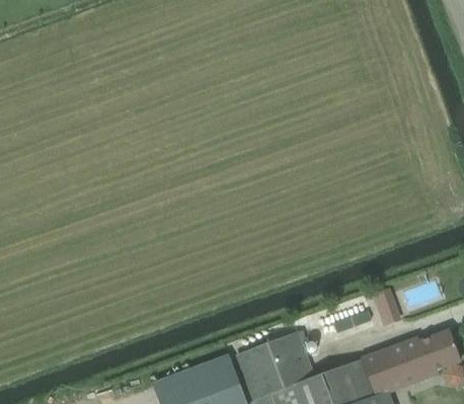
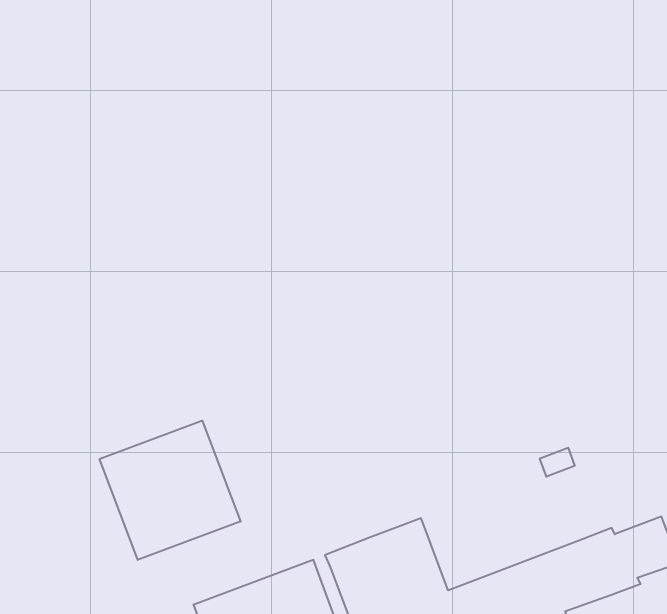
building: none -> [100,421,241,560]

